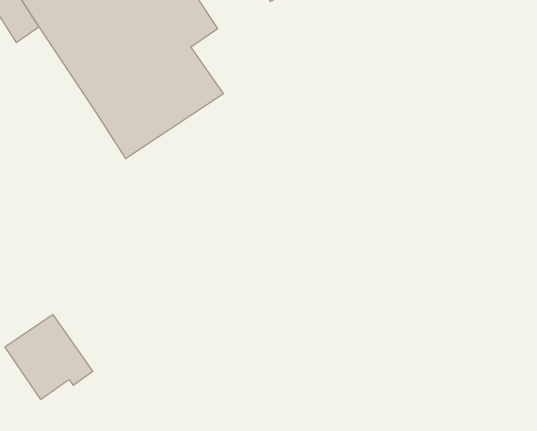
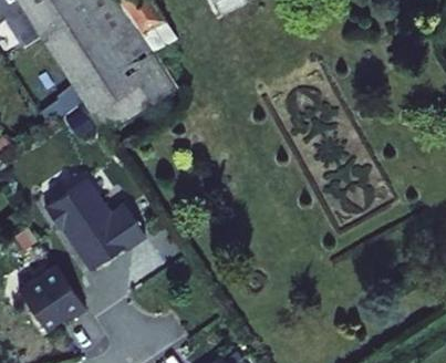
building: none -> [40,176,141,268]

